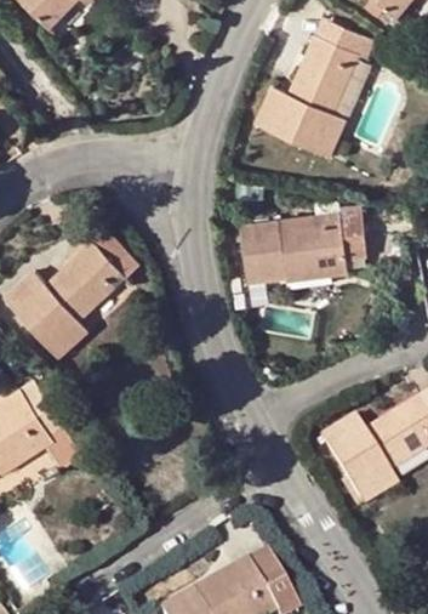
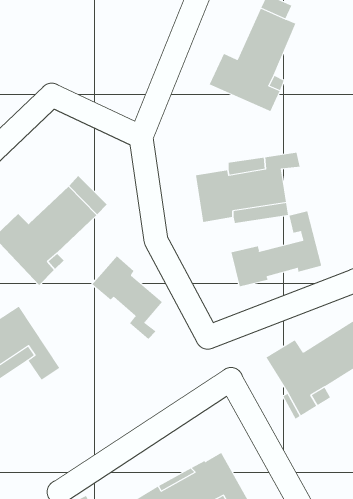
building: none -> [231,210,322,287]
building: none -> [92,256,163,340]

